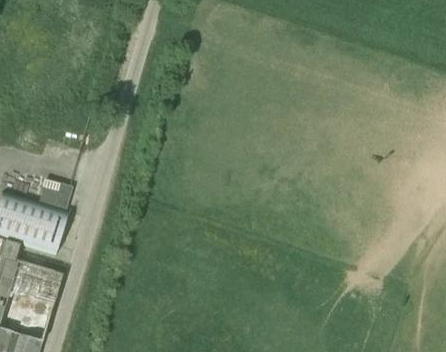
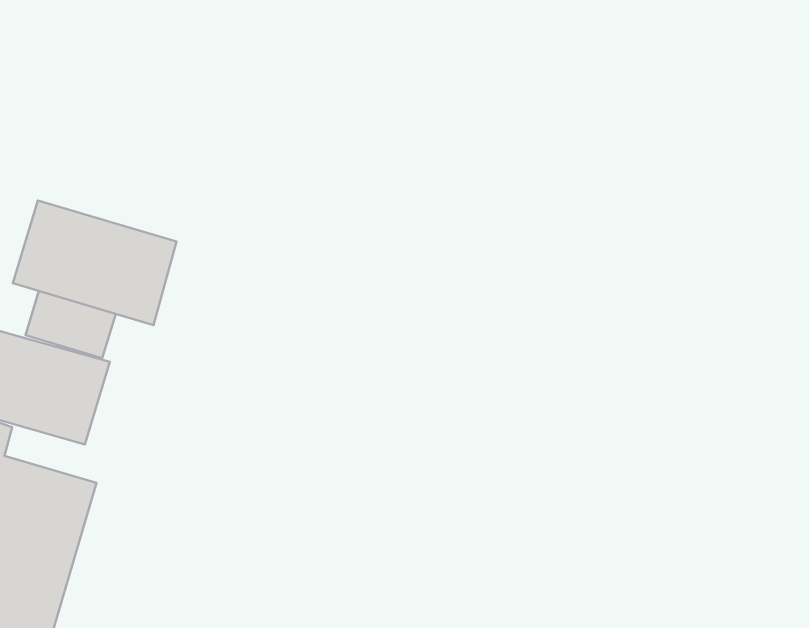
building: none -> [13,201,177,325]

